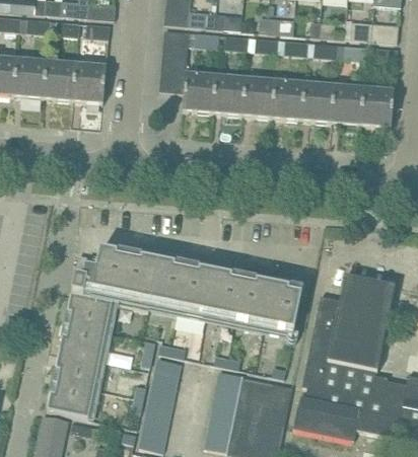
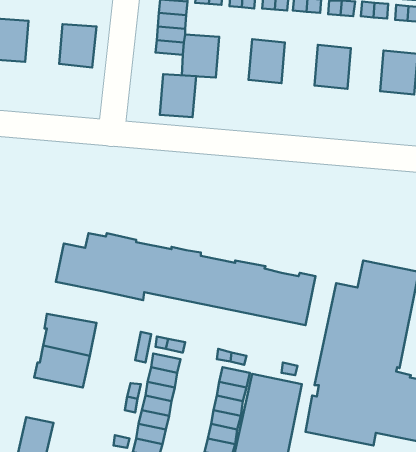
building: [44,61,77,99] -> none
building: [214,75,247,113] -> [160,74,196,117]
building: [273,80,305,119] -> none
building: [332,85,364,124] -> none
building: [63,294,113,330] -> none
building: [48,379,95,417] -> none

